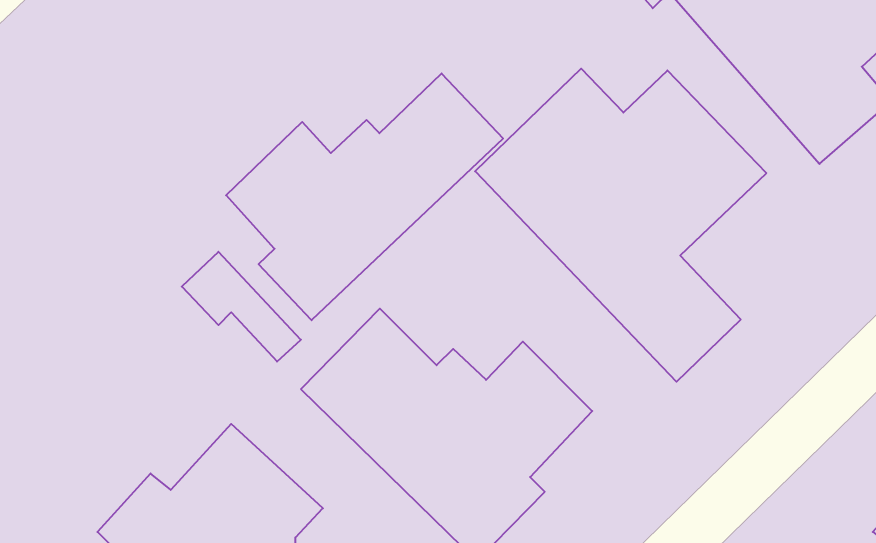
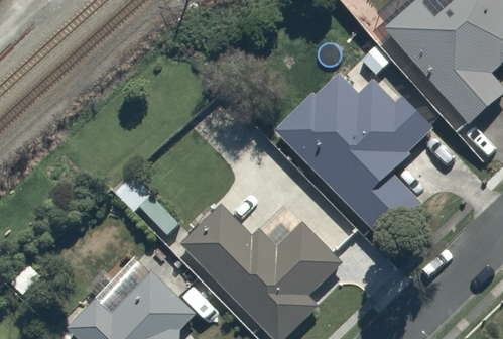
building: [226,73,503,320] -> none

